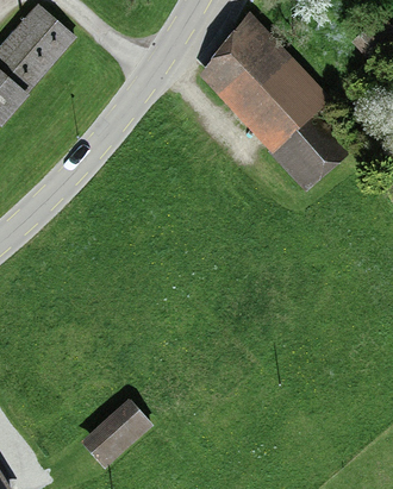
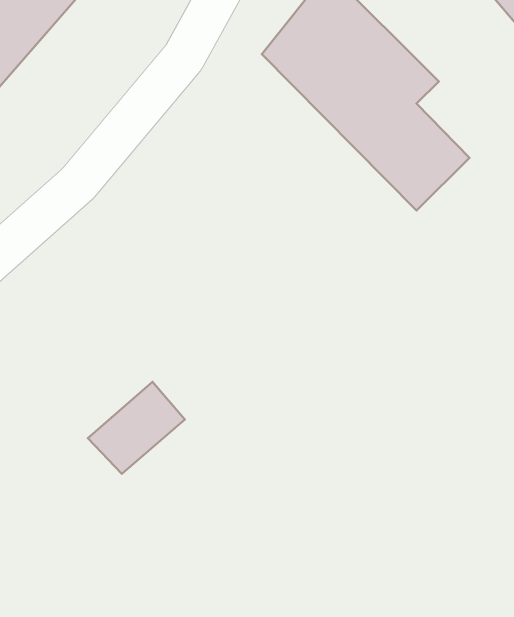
building: [81,402,149,466] -> [88,382,185,474]

